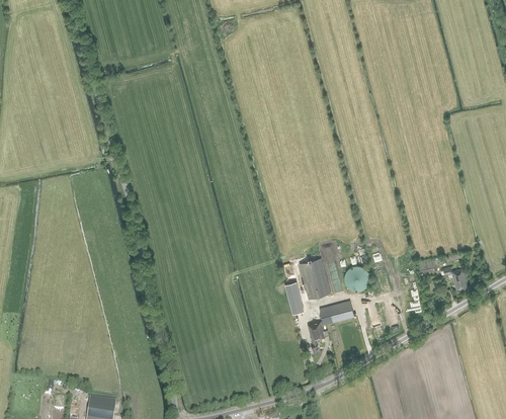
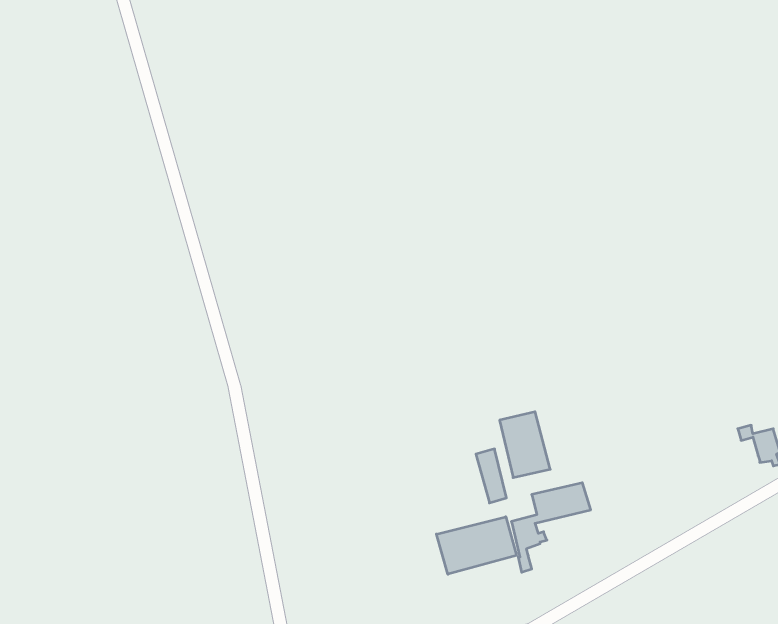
building: [344,267,369,292] -> none
building: none -> [436,517,516,574]

